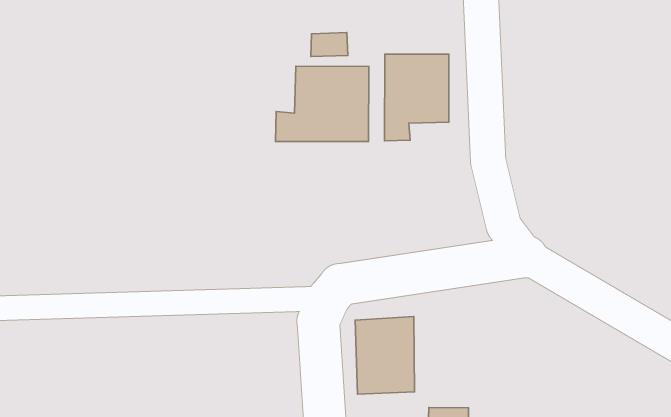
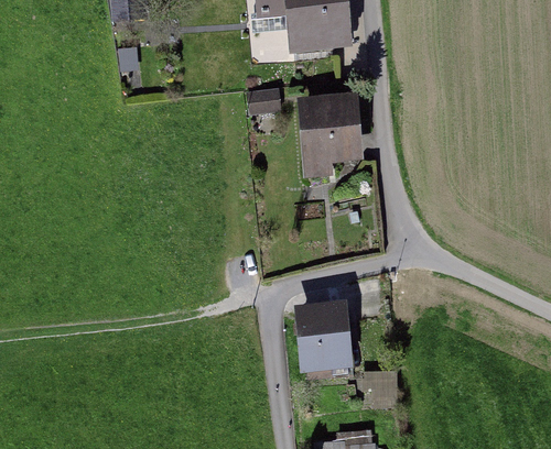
building: [275,66,369,142] -> none

